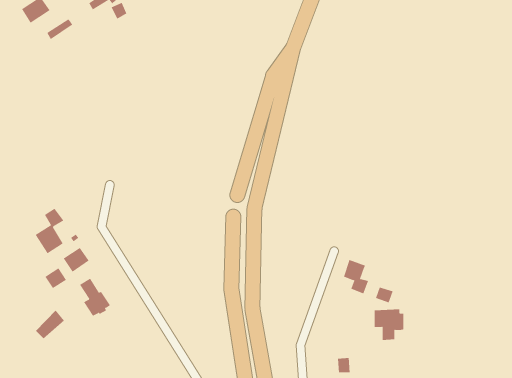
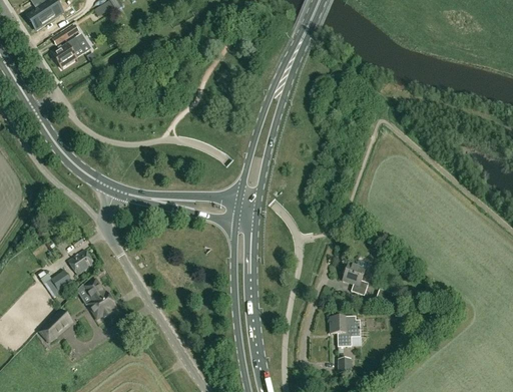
building: none -> [52,37,78,66]
building: [35,208,64,254] -> none
building: [374,309,404,341] -> [330,315,360,346]

